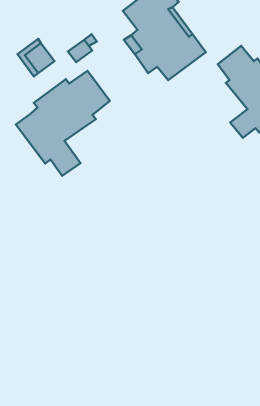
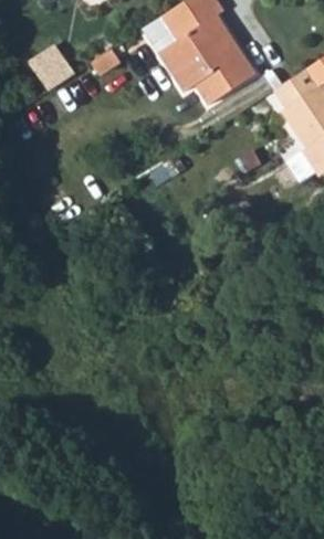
building: [16,71,110,176] -> none

